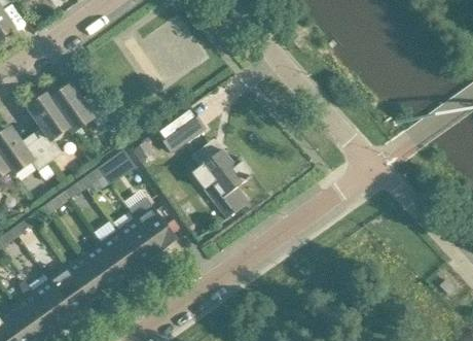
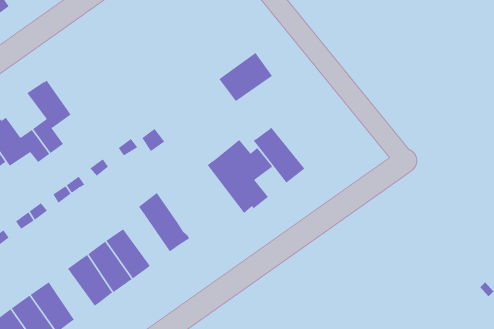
building: [46,82,115,131] -> none
building: [155,105,205,150] -> [219,52,273,102]
building: none -> [253,127,305,183]
building: [116,217,158,264] -> none
building: [48,267,89,313] -> none

